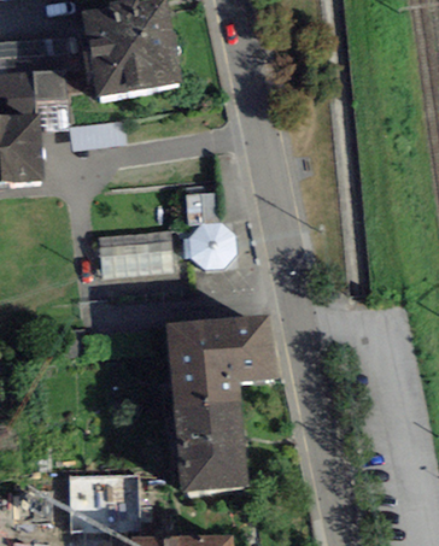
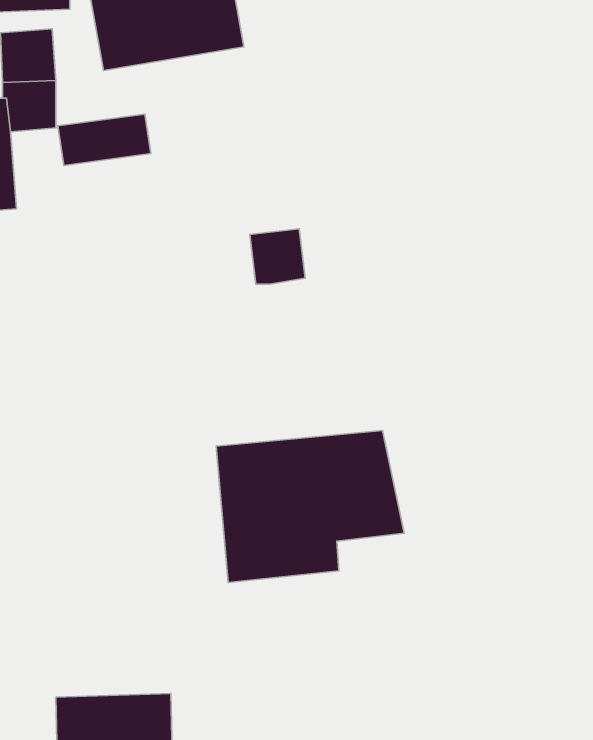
building: [183,222,236,269] -> none
building: [98,230,172,278] -> none
building: [172,400,246,492] -> none

